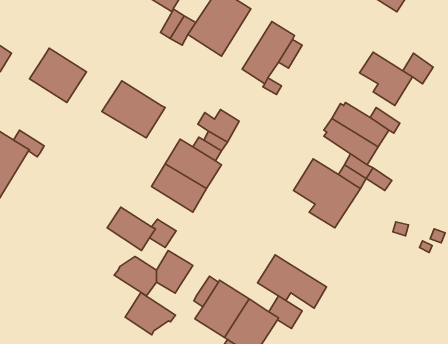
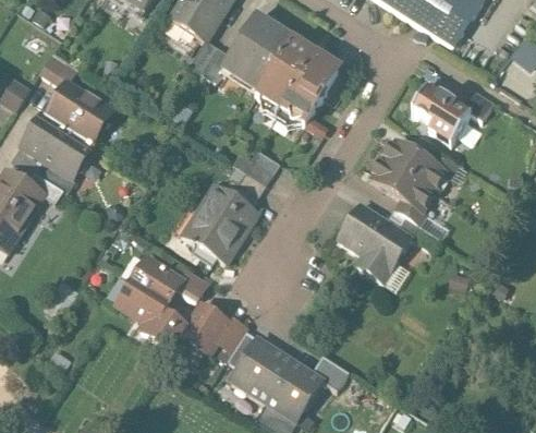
building: none -> [258,38,314,105]
building: none -> [40,53,76,87]
building: [102,81,165,138] -> [22,115,92,178]
building: [258,255,326,308] -> none
building: none -> [212,315,247,354]
building: [125,292,175,335] -> [114,280,170,327]

